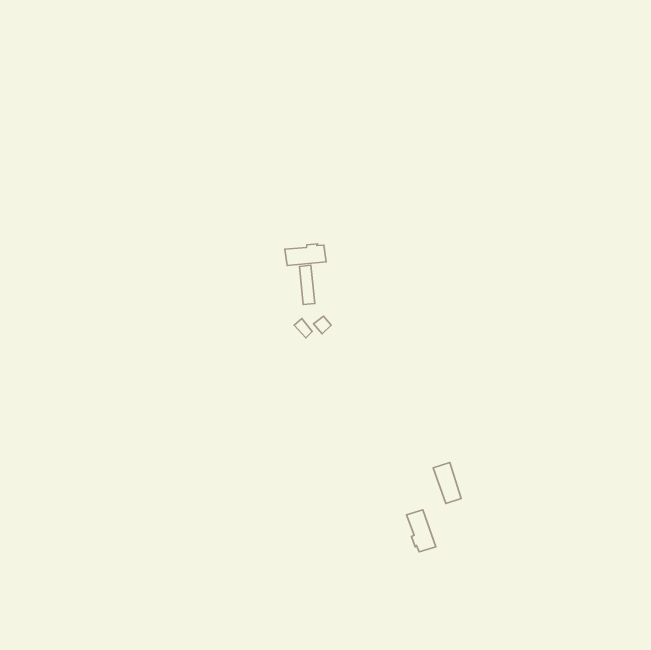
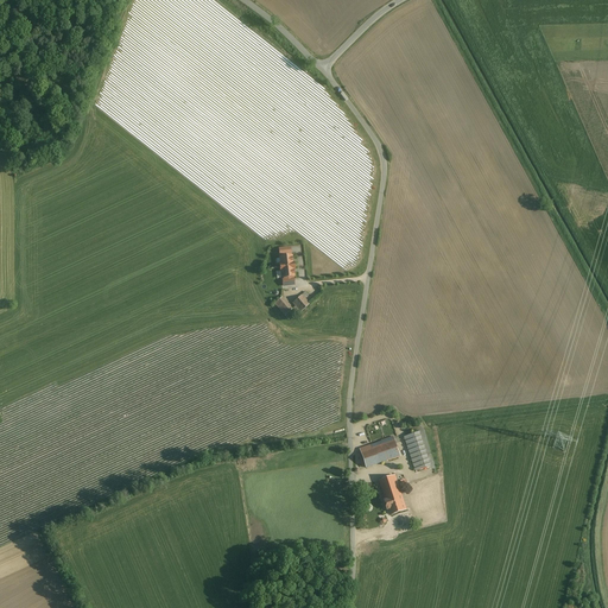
building: [285,244,326,266] -> none
building: none -> [360,437,399,467]

